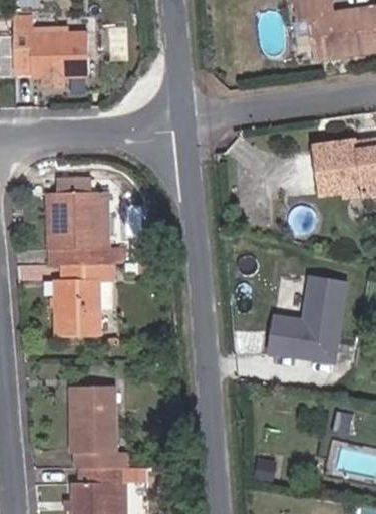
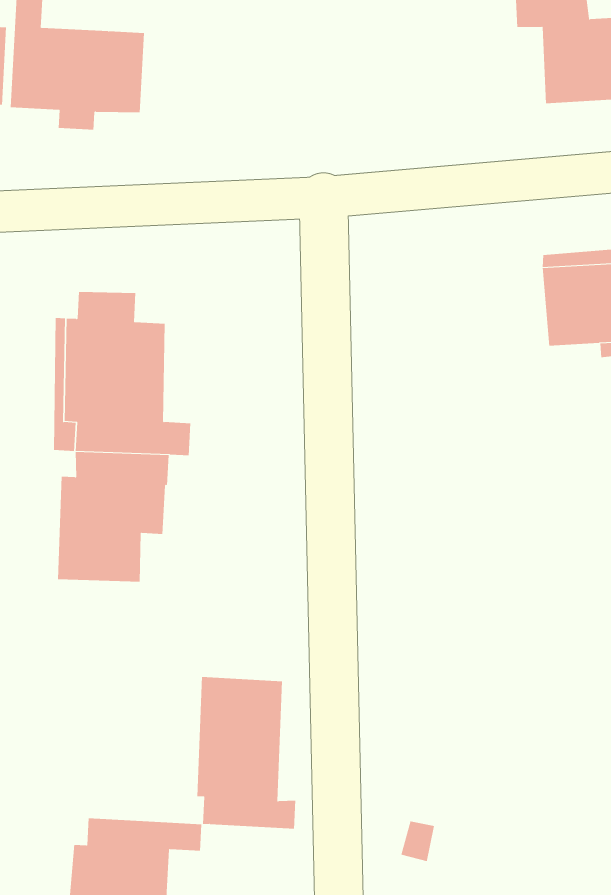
building: [266,275,348,362] -> none
building: [70,386,126,467] -> [196,677,296,829]

